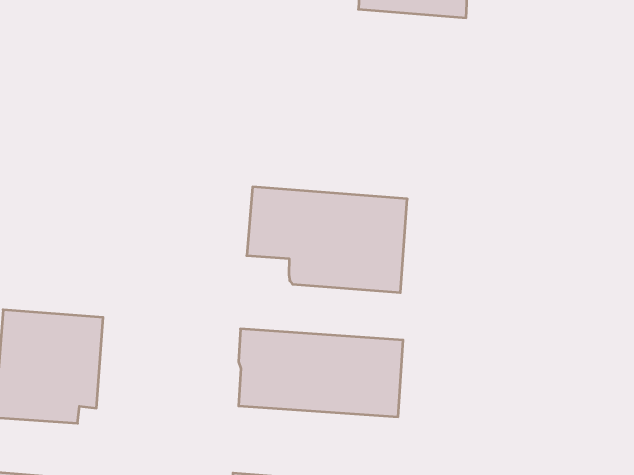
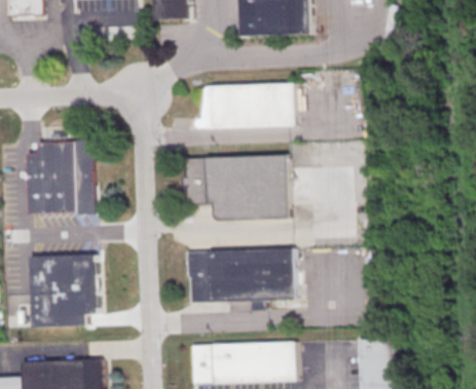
building: none -> [209,83,295,129]
building: none -> [26,140,94,215]

